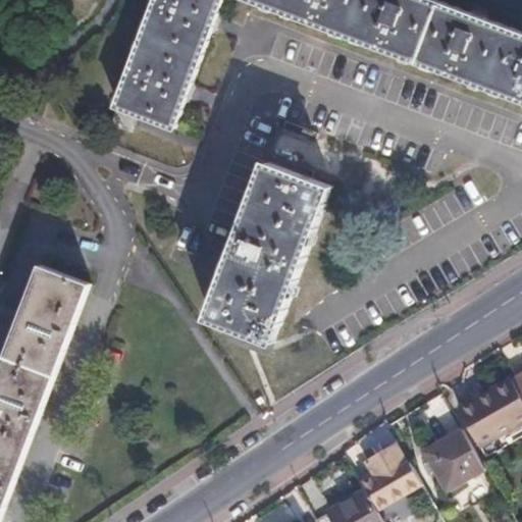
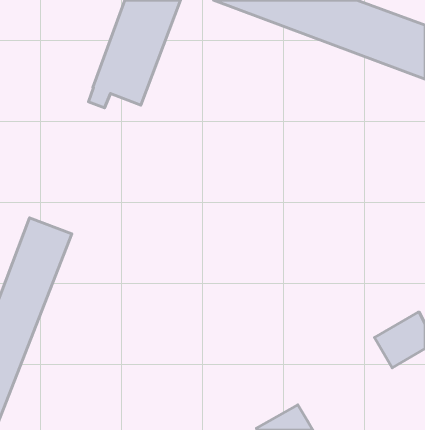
building: [205,162,328,343] -> none
building: [418,428,480,490] -> none
building: [355,442,418,511] -> none

